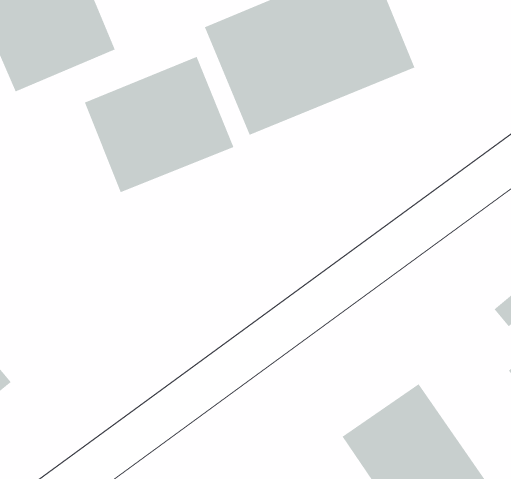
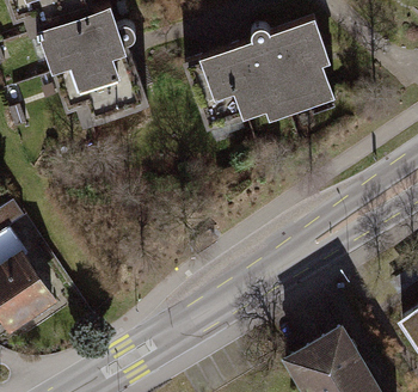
building: [84,56,235,193] -> none

